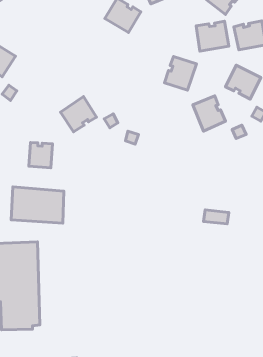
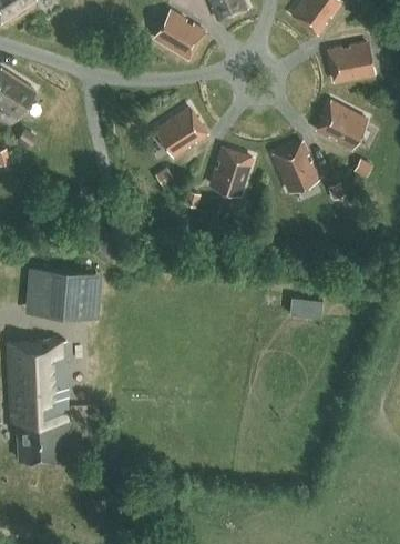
building: [196,21,229,51] -> none
building: [165,56,197,90] -> [209,149,253,194]
building: [60,96,97,132] -> [157,108,206,155]
building: [29,142,52,168] -> none

